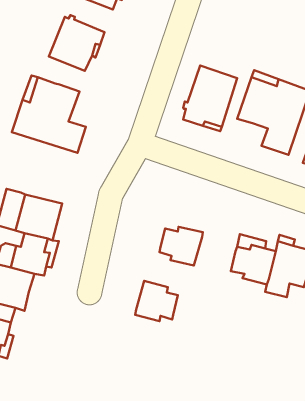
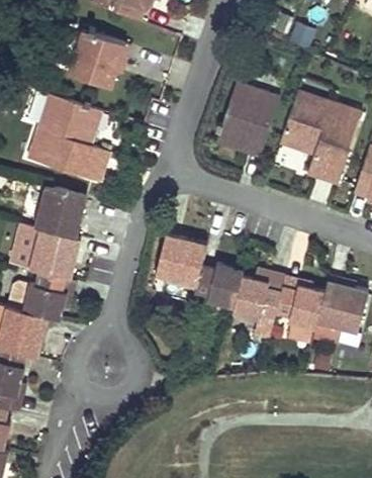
building: none -> [36,186,88,236]
building: none -> [152,233,204,286]
building: [135,281,178,321] -> [229,275,277,320]

